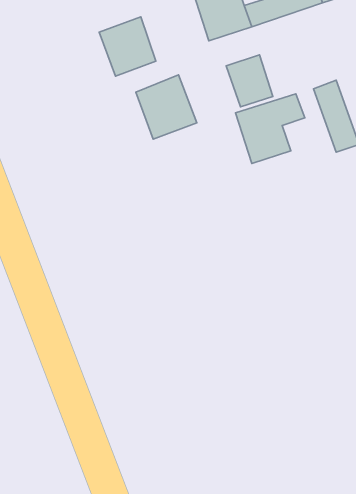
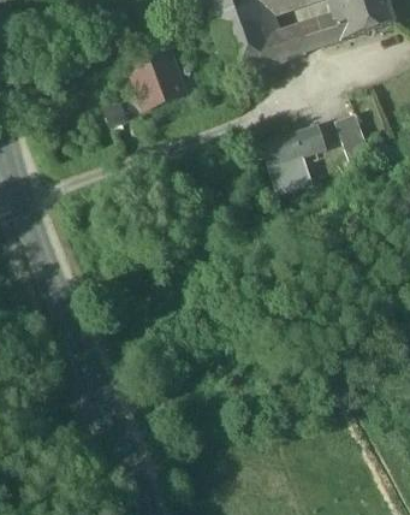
building: [226,55,273,107] -> none
building: [136,75,197,139] -> none

